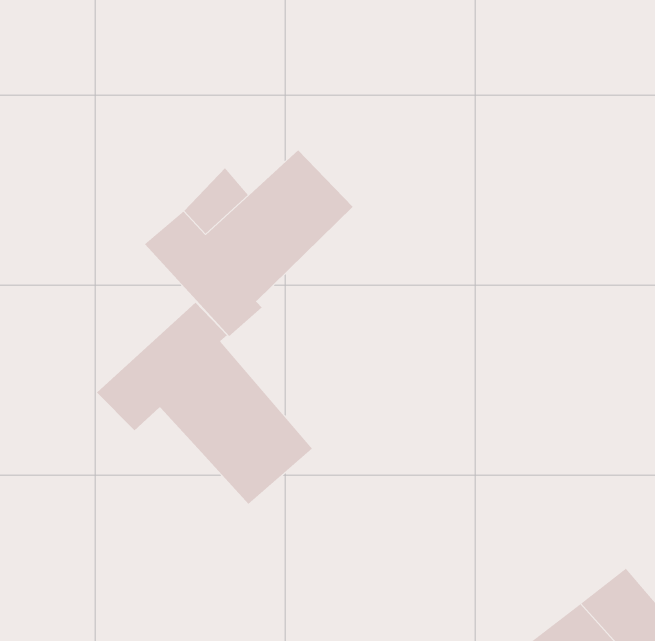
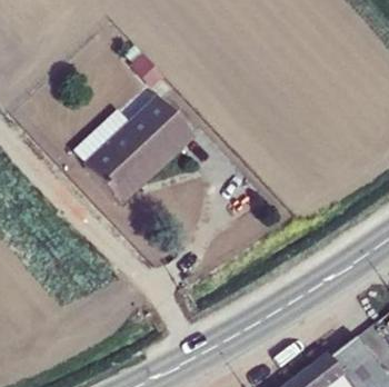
building: [96,302,313,505] -> none

